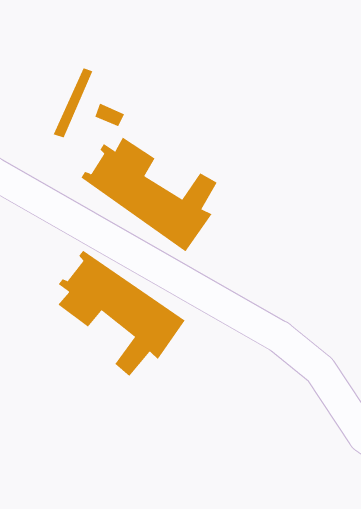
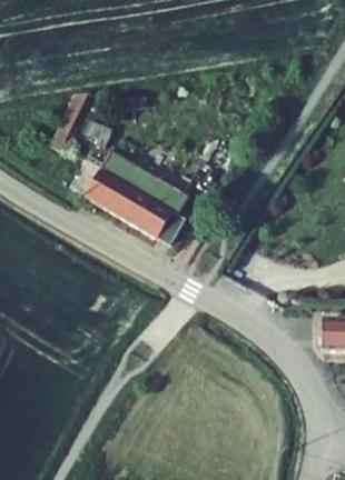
building: [58,250,186,377] -> none

